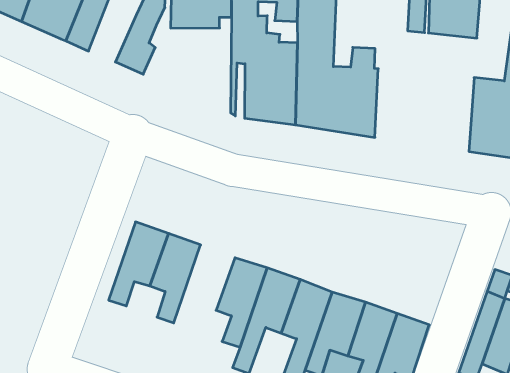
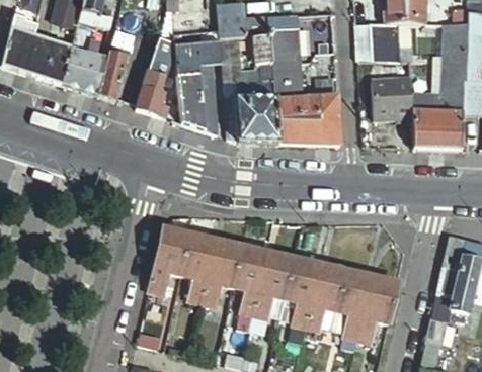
building: none -> [176,73,219,133]
building: none -> [374,76,413,117]
building: none -> [203,240,244,305]

